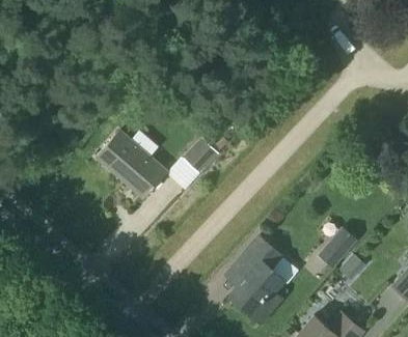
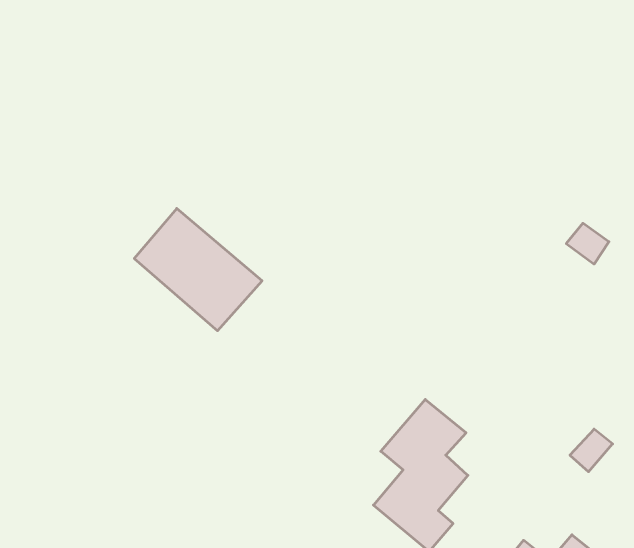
building: [182,138,218,175] -> none
building: [321,229,355,266] -> none

